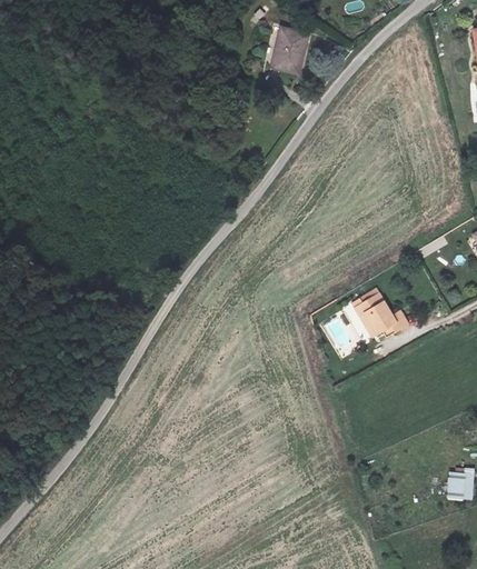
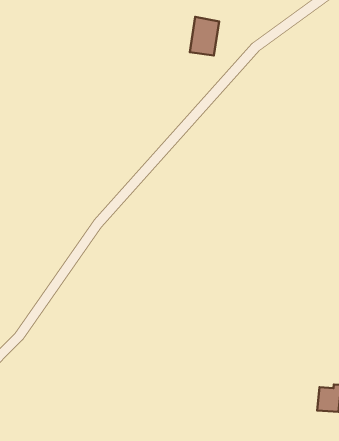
building: [355,293,409,336] -> none

